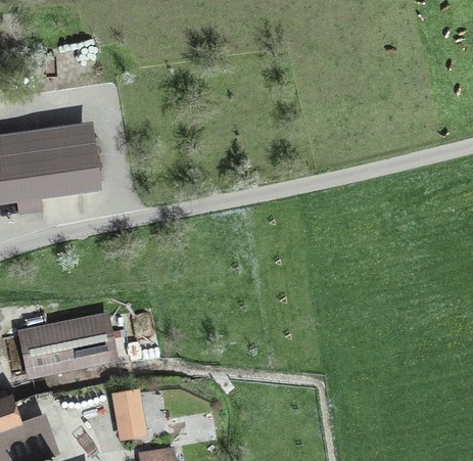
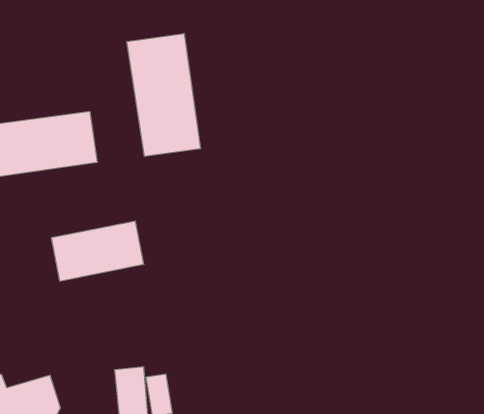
building: none -> [127,33,200,156]
building: [22,317,112,375] -> [51,221,144,281]

